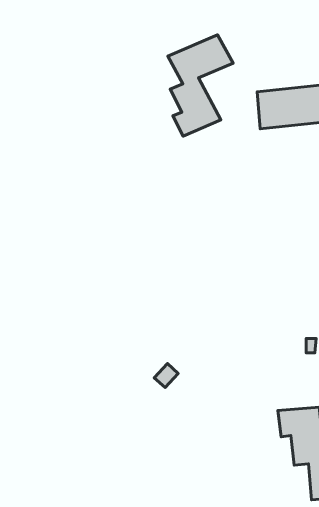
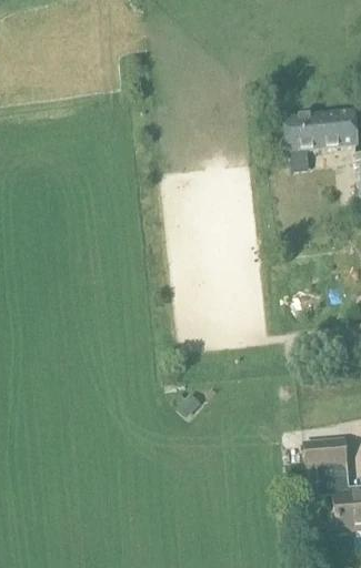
building: [168,35,233,136] -> none

